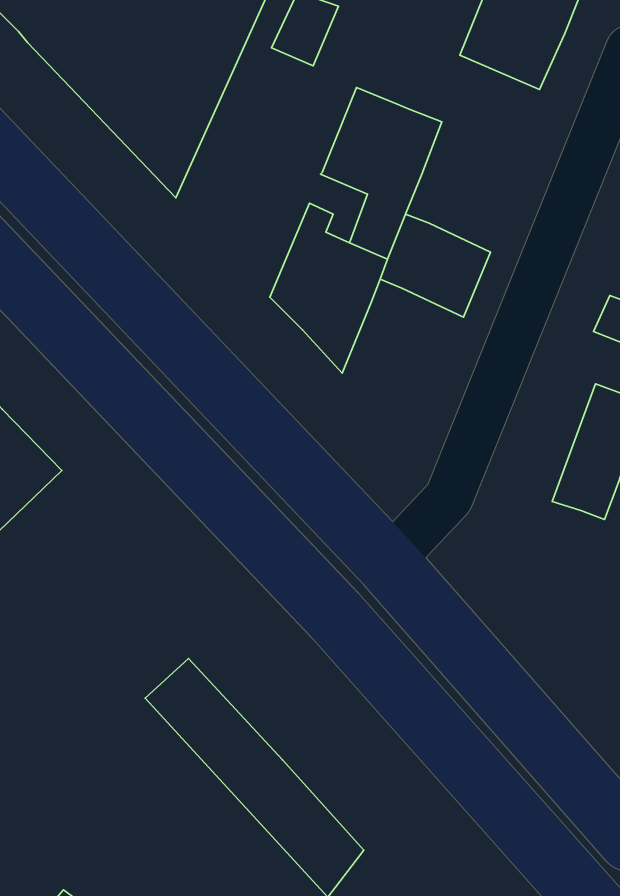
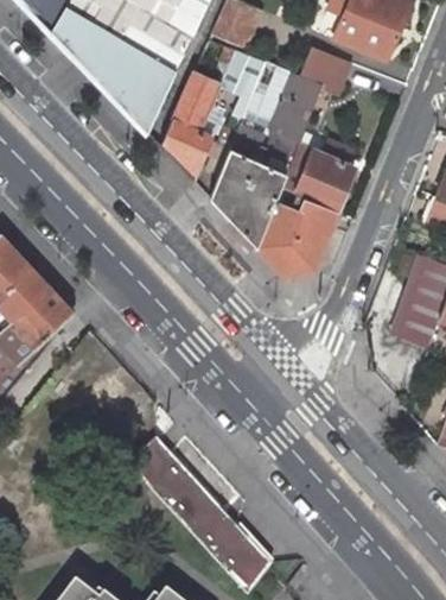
building: none -> [160,39,267,179]
building: none -> [301,46,349,89]
building: none -> [257,191,337,273]

